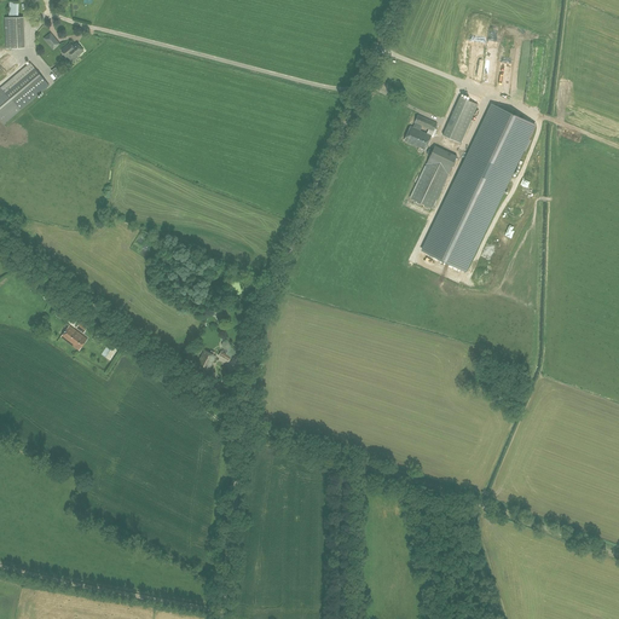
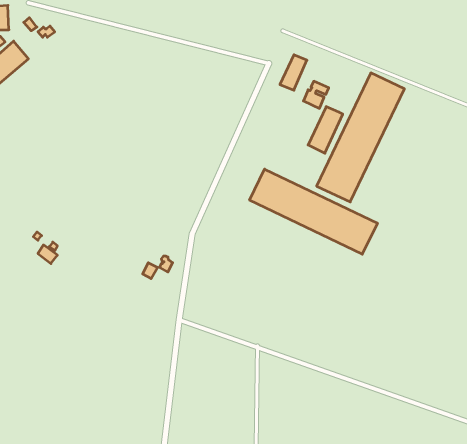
building: [441,96,476,141] -> [280,55,307,90]
building: none -> [250,169,377,254]

